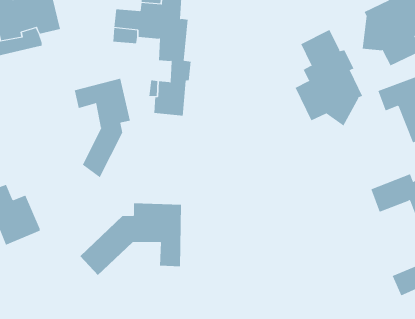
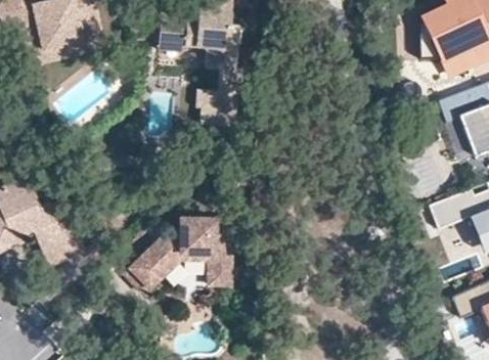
building: [295,29,363,126] -> none
building: [74,78,130,178] -> none

